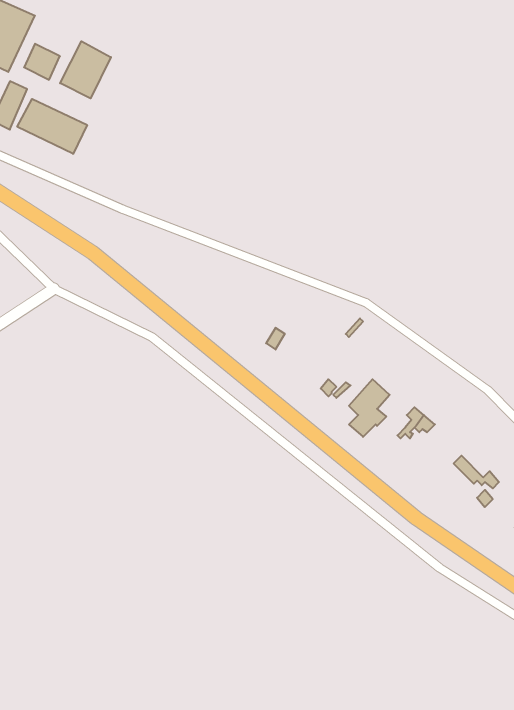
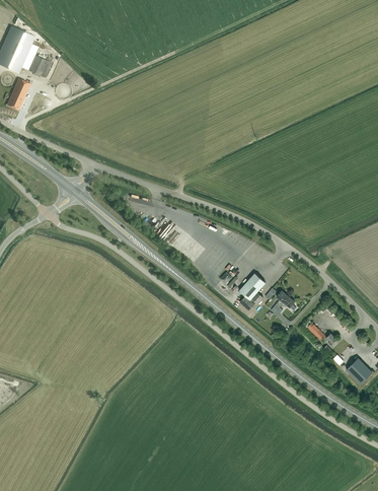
building: [60,41,111,98] -> none
building: [17,99,87,154] -> none

